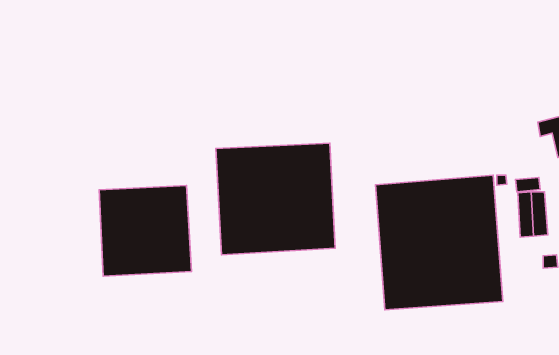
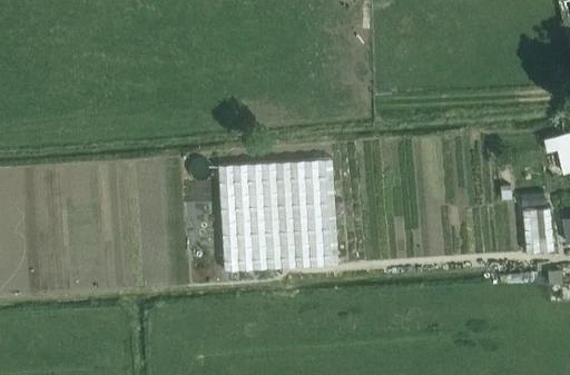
building: [375,175,503,310] -> none
building: [99,185,191,276] -> none

